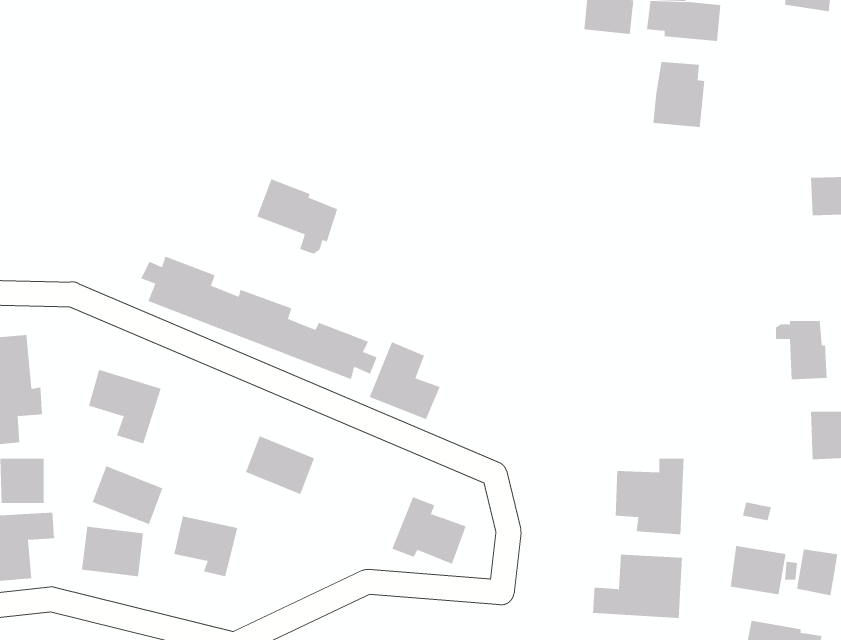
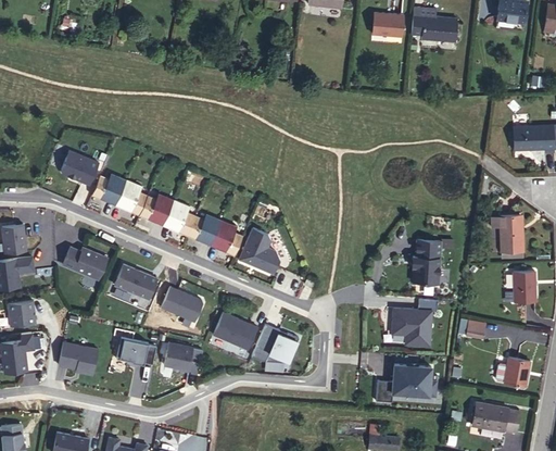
building: [653,61,705,128] -> none
building: [257,178,338,254] -> none
building: none -> [60,150,100,187]
building: none -> [413,238,454,287]
building: [92,466,163,525] -> [114,264,159,301]
building: none -> [213,312,260,350]
building: none -> [164,341,194,372]
building: [730,545,786,595] -> none

